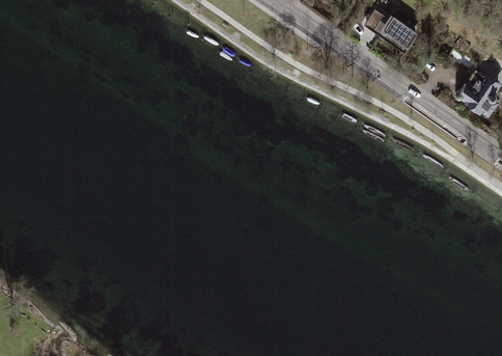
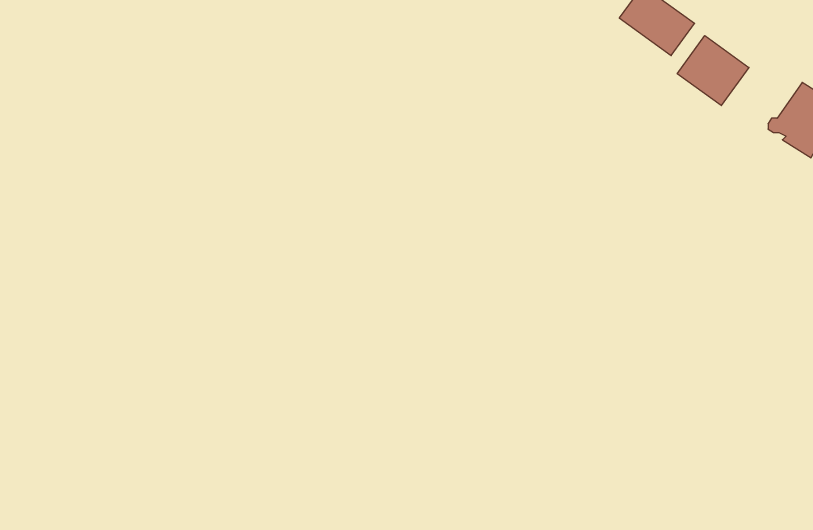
building: none -> [677,36,749,106]

